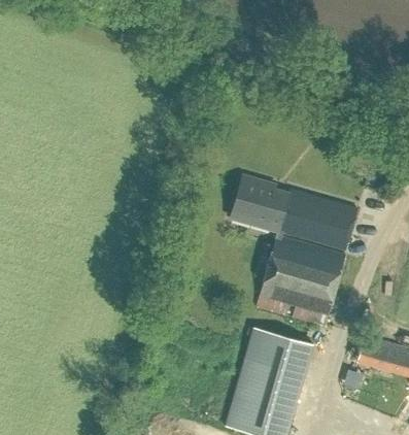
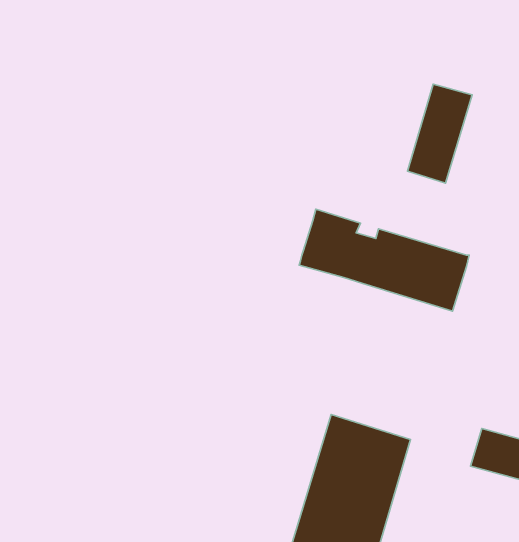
building: none -> [407,84,472,183]
building: [252,234,345,325] -> none

